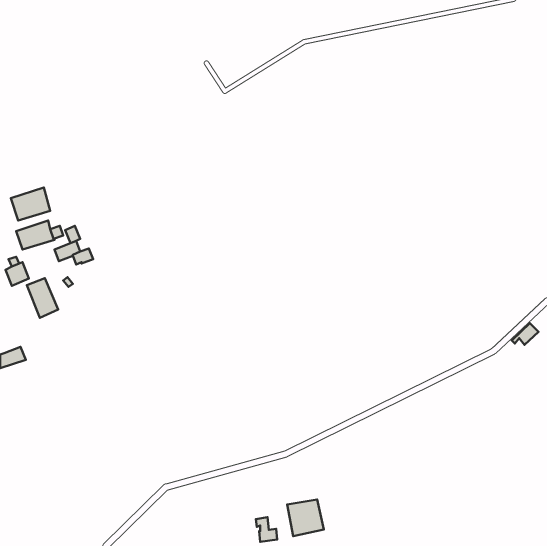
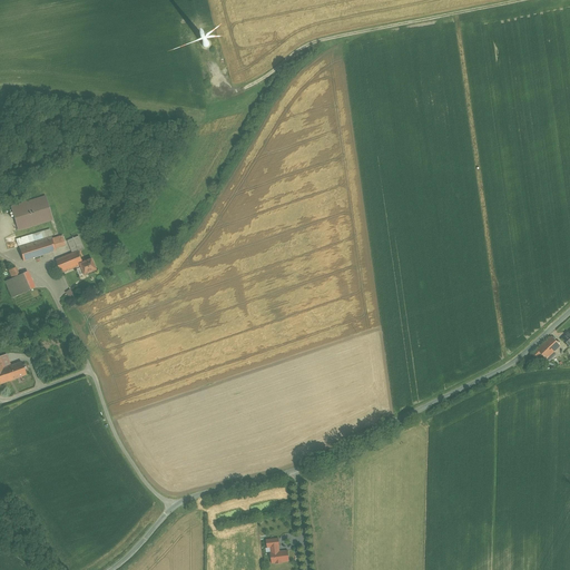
building: [27,278,58,318] -> none
building: [287,499,324,536] -> none

